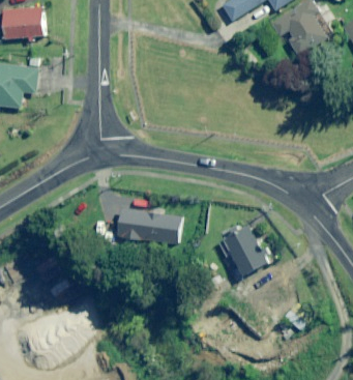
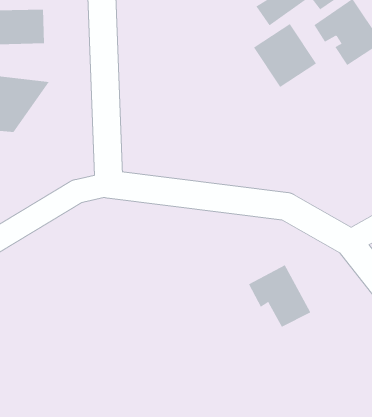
building: none -> [253,23,317,88]
building: [119,208,182,243] -> none

